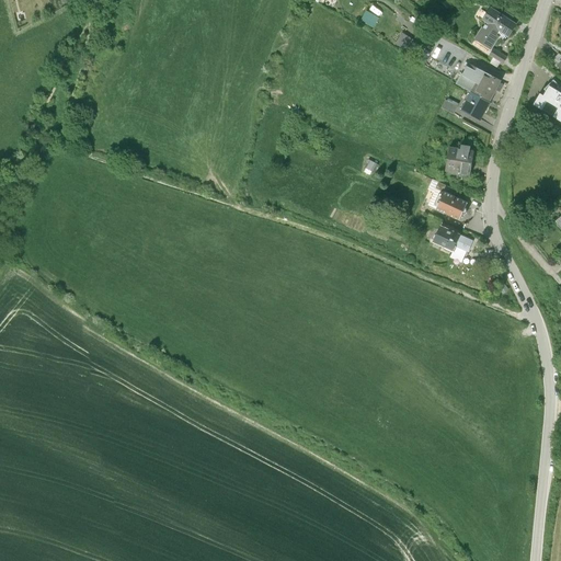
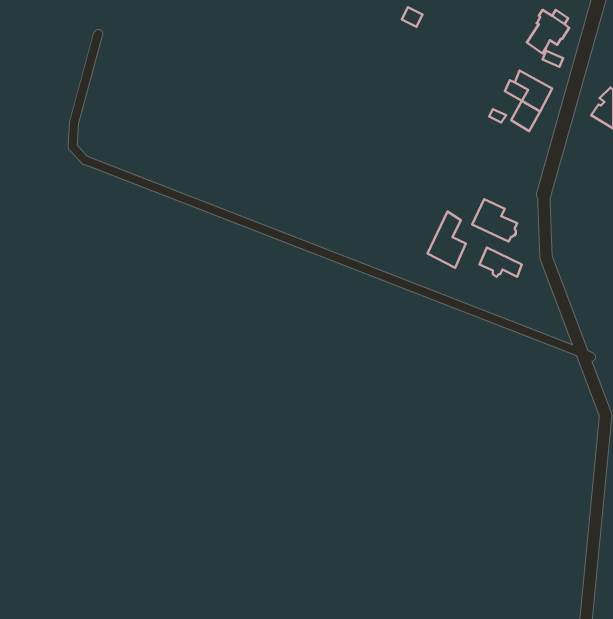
building: [446,144,472,174] -> none
building: none -> [427,212,466,268]

